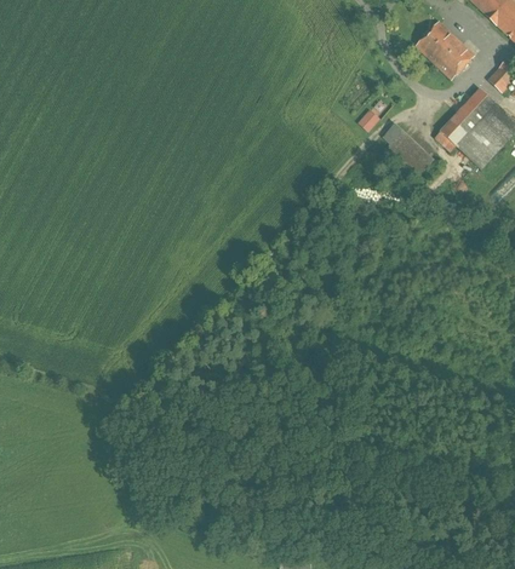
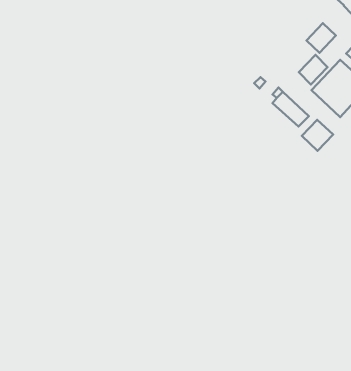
building: [416,19,456,61] -> [299,55,327,84]
building: none -> [302,120,333,151]

